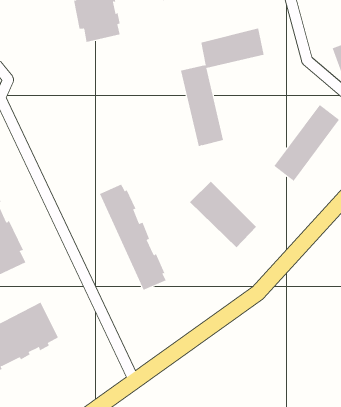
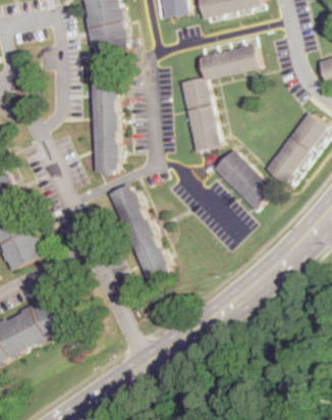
building: none -> [91,72,118,170]
building: [189,181,257,248] -> [213,149,274,210]

